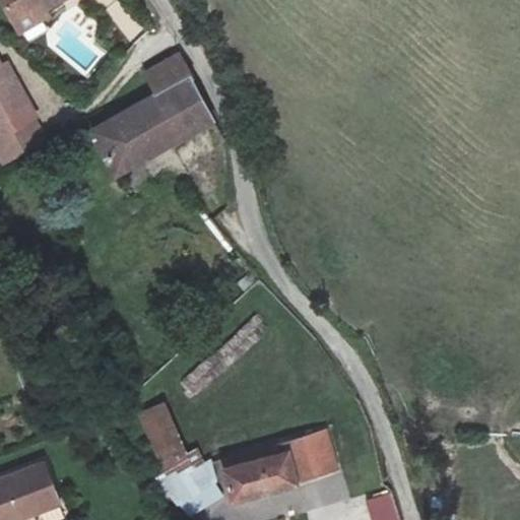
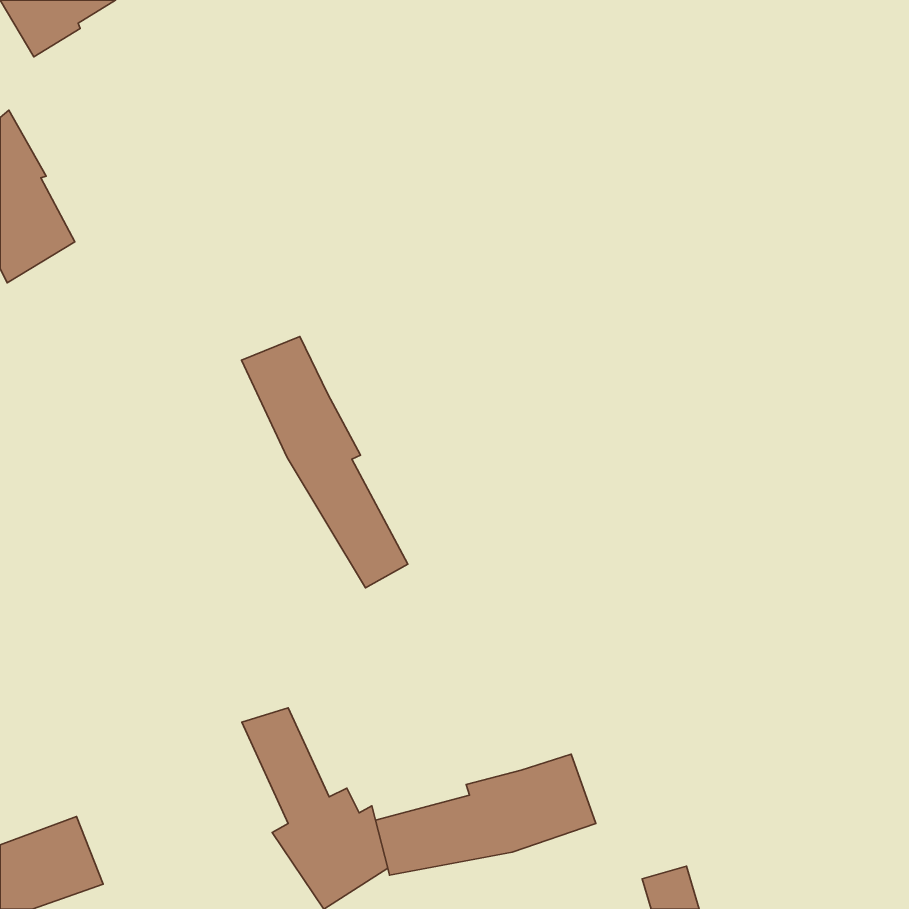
building: [87,56,205,175] -> none
building: none -> [241,337,408,588]

